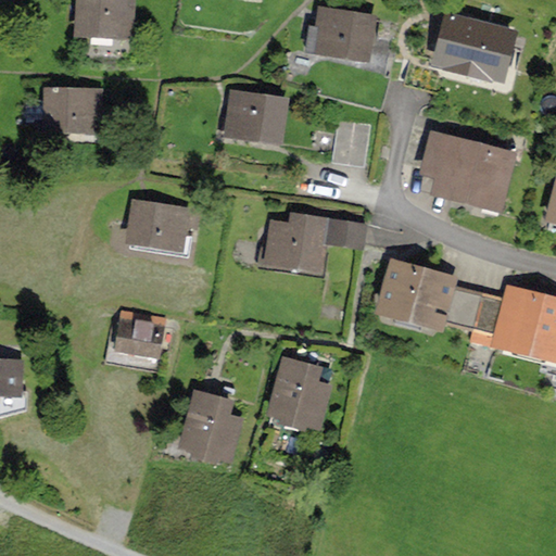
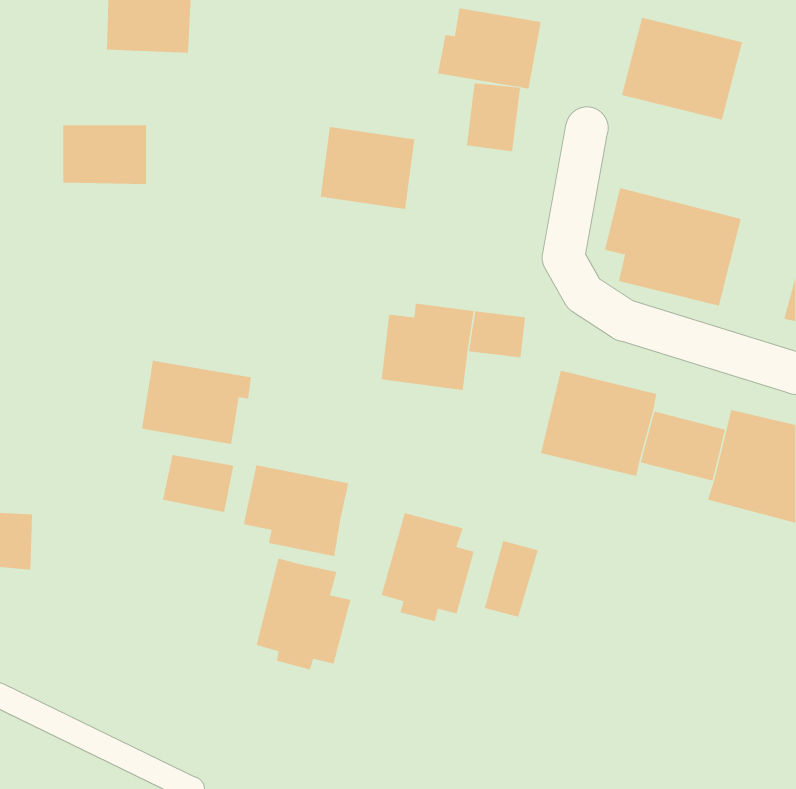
building: [332,116,370,164] -> [466,83,521,152]
building: [123,195,200,254] -> [141,360,252,445]
building: none -> [243,464,349,557]
building: none -> [484,540,538,618]

